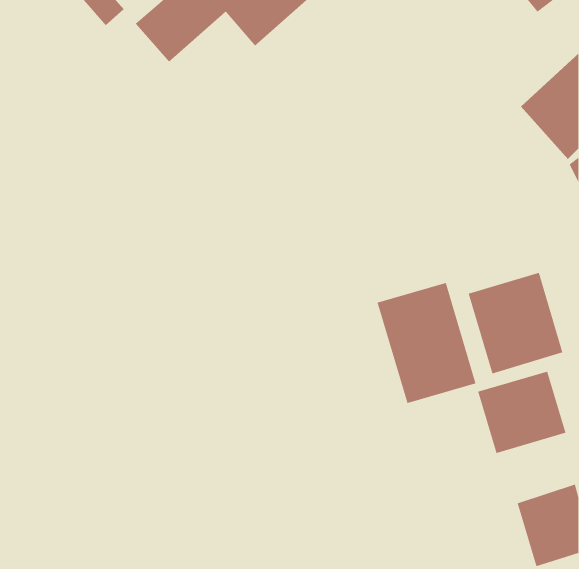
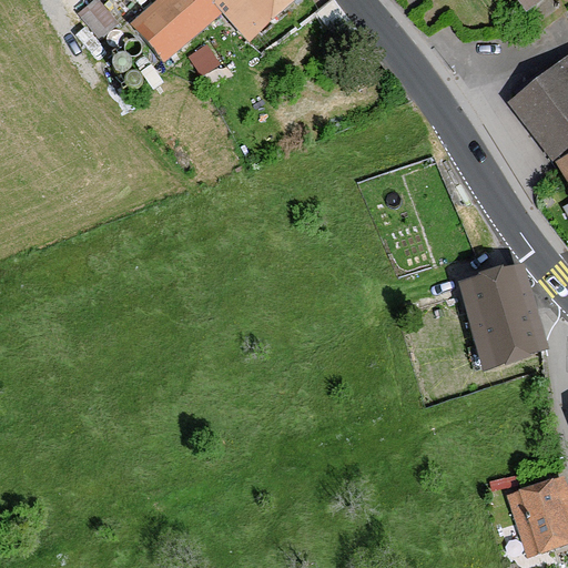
building: [377,282,476,404] -> none
building: [478,371,566,454] -> none

